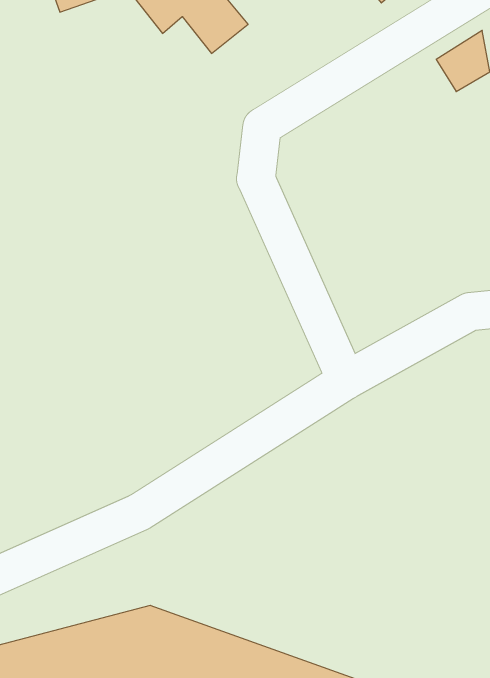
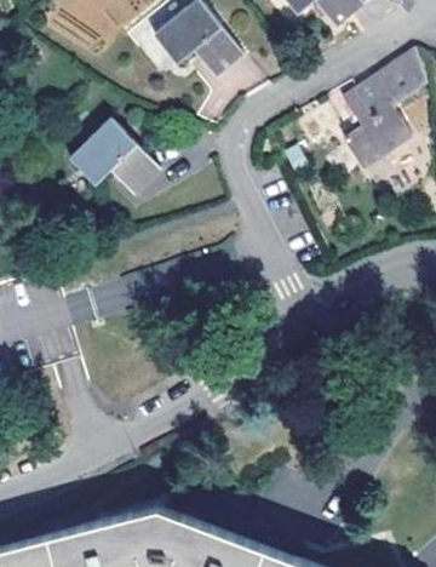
building: none -> [349,79,415,167]
building: none -> [63,113,156,190]

